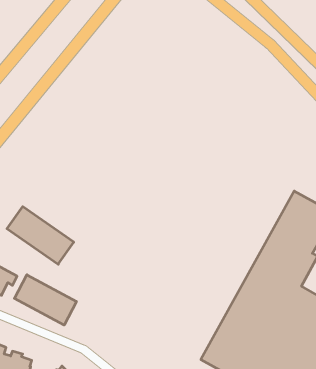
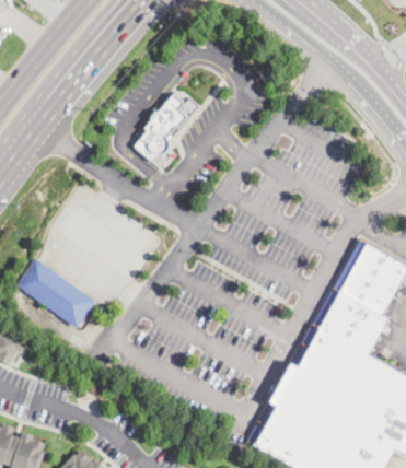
building: none -> [138,95,199,160]
building: [14,275,76,325] -> none

